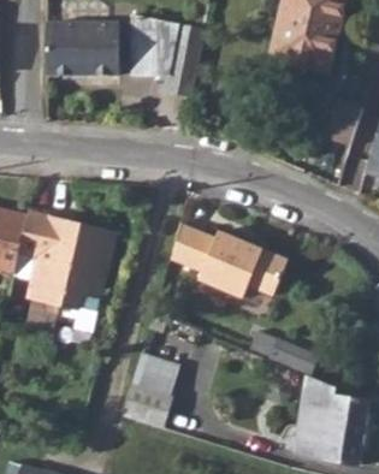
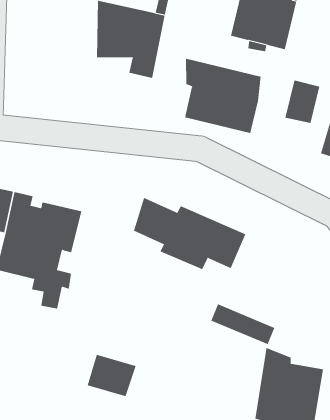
building: [47,22,119,75] -> none
building: none -> [184,58,261,134]
building: [131,354,177,395] -> none

